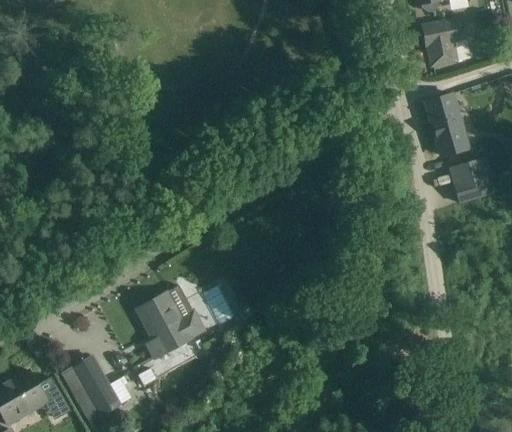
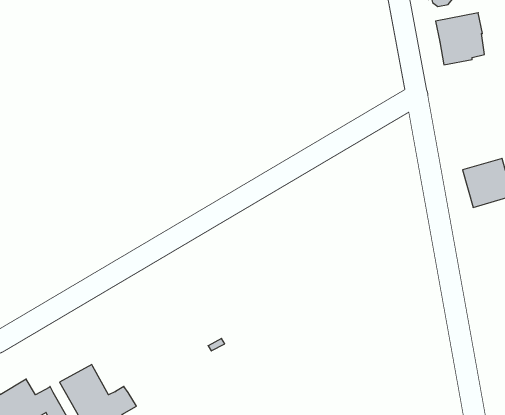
building: [424,94,464,156] -> none
building: [136,285,204,358] -> none

